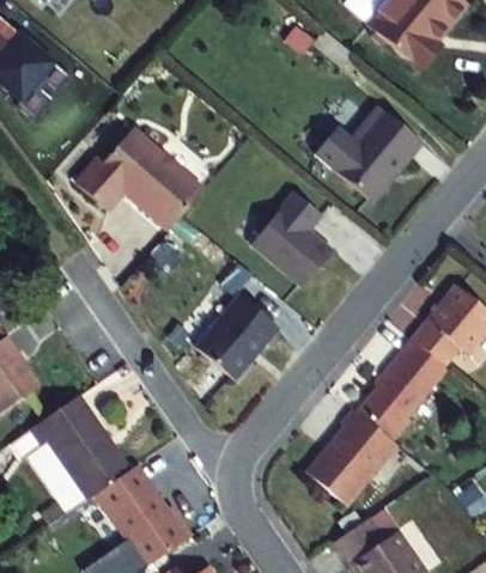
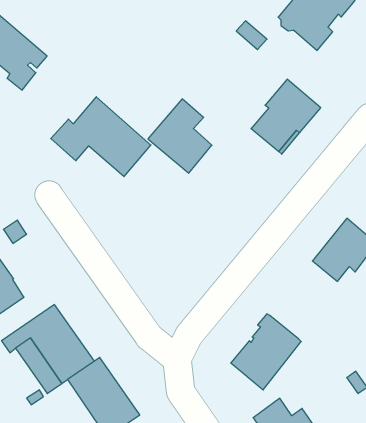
building: [250,190,333,286] -> [148,99,212,173]
building: [195,294,280,380] -> none
building: [357,337,448,439] -> none

